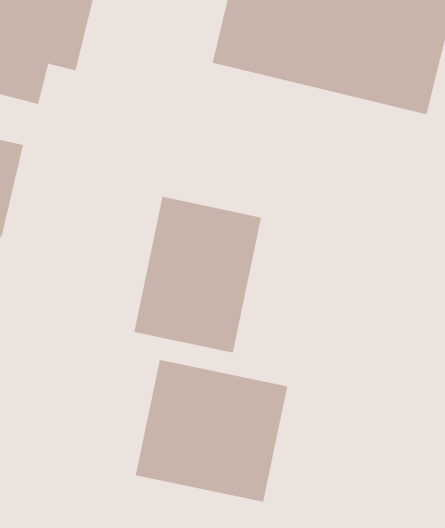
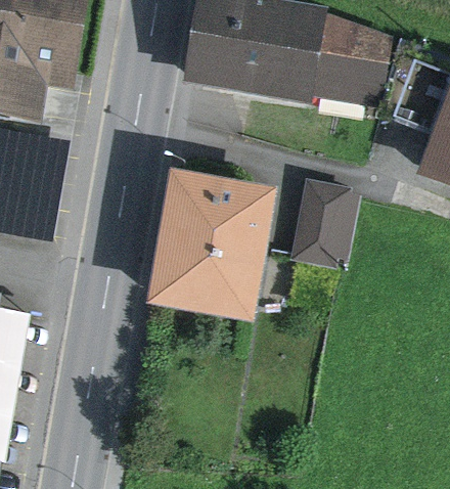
building: none -> [279,176,355,273]
building: [135,359,288,502] -> none

